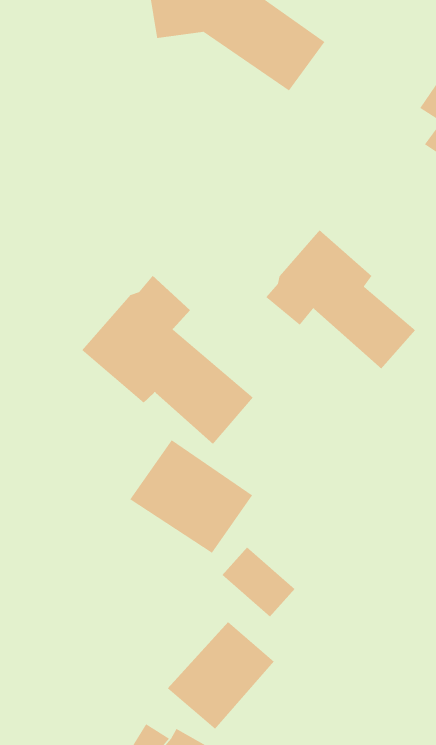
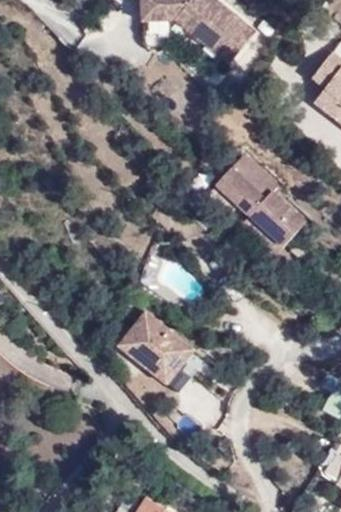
building: [81,275,254,445] -> none
building: [167,621,275,730] -> none

